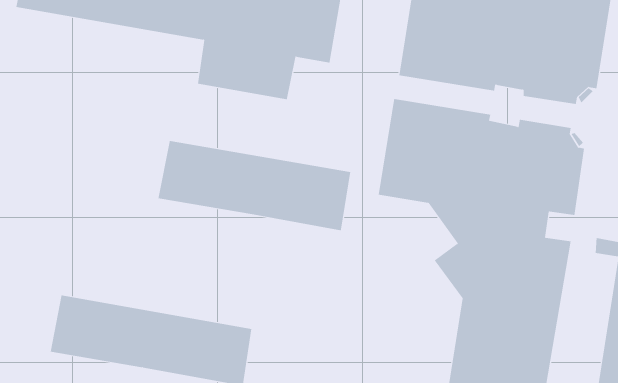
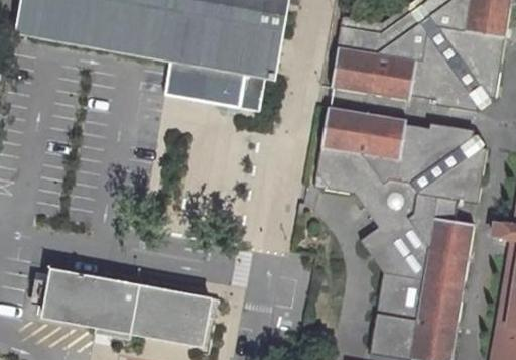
building: [158,140,351,231] -> none

